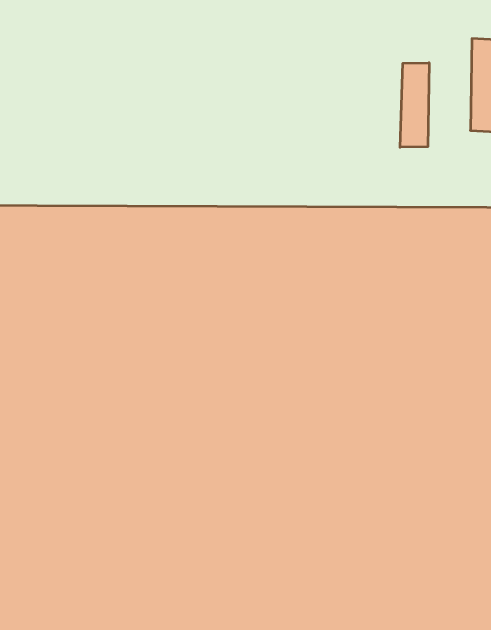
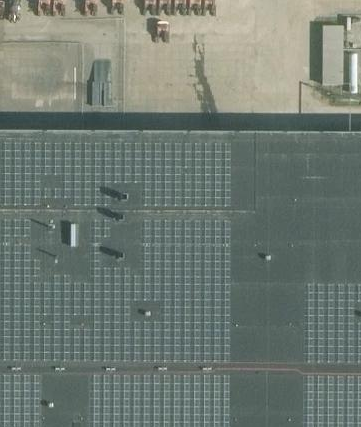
building: [400,63,429,147] -> none

